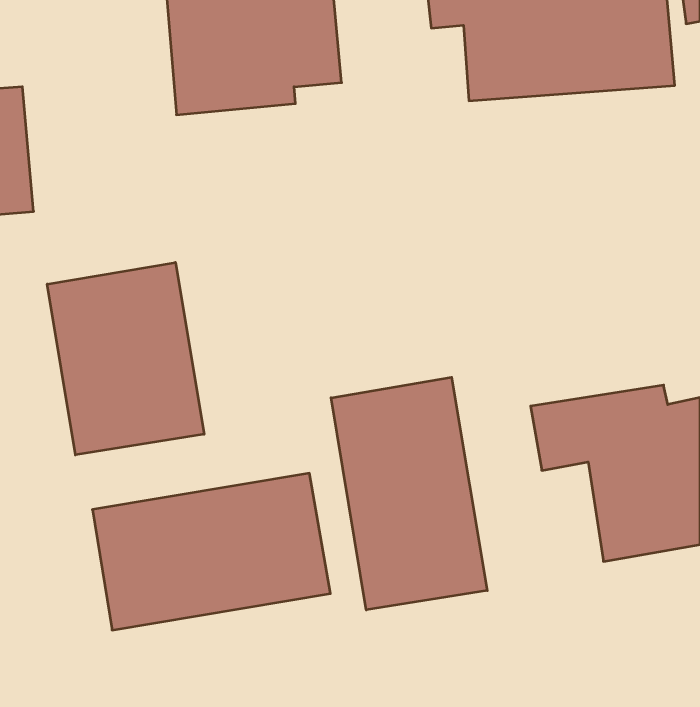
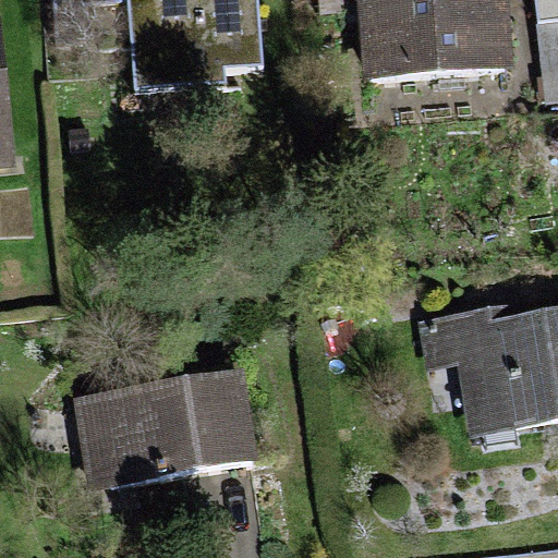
building: [47,262,204,455] -> none
building: [331,377,487,610] -> none

